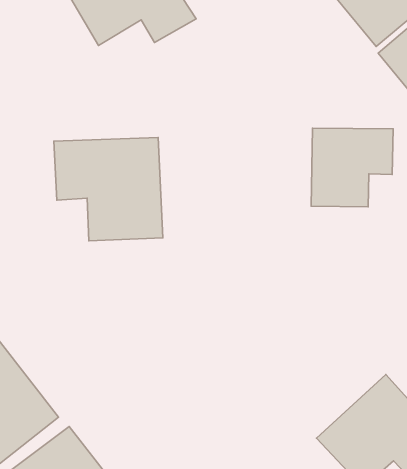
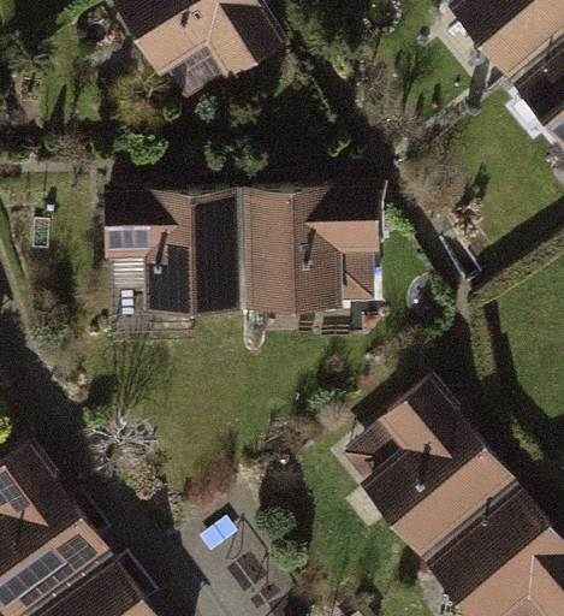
building: [311,128,393,207] -> none
building: none -> [248,190,378,309]
building: none -> [367,372,517,555]

